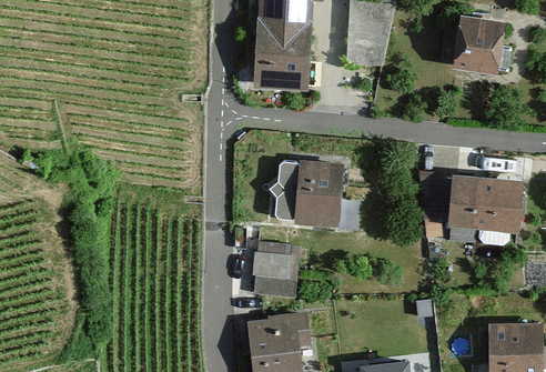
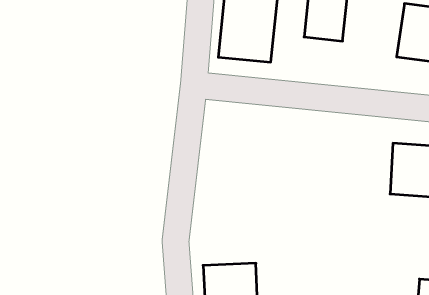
building: [275,161,345,229] -> none
building: [253,238,295,292] -> none

